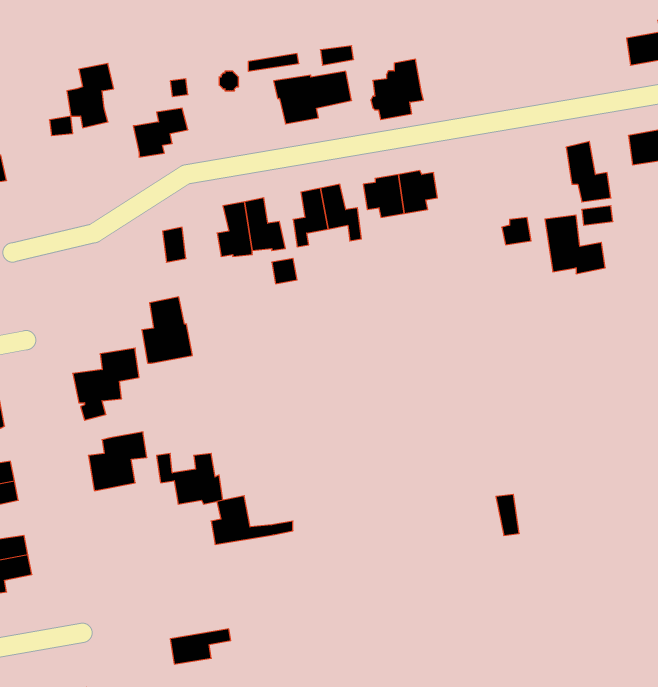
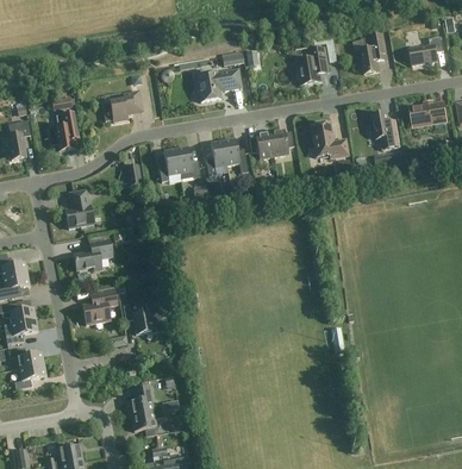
building: none -> [360,33,382,73]
building: [371,59,423,120] -> [295,46,327,83]
building: [67,63,114,128] -> [48,111,76,150]
building: [545,215,605,274] -> [310,121,346,157]
building: [142,297,192,363] -> [62,187,93,227]
building: [211,496,293,544] -> [127,384,177,414]

